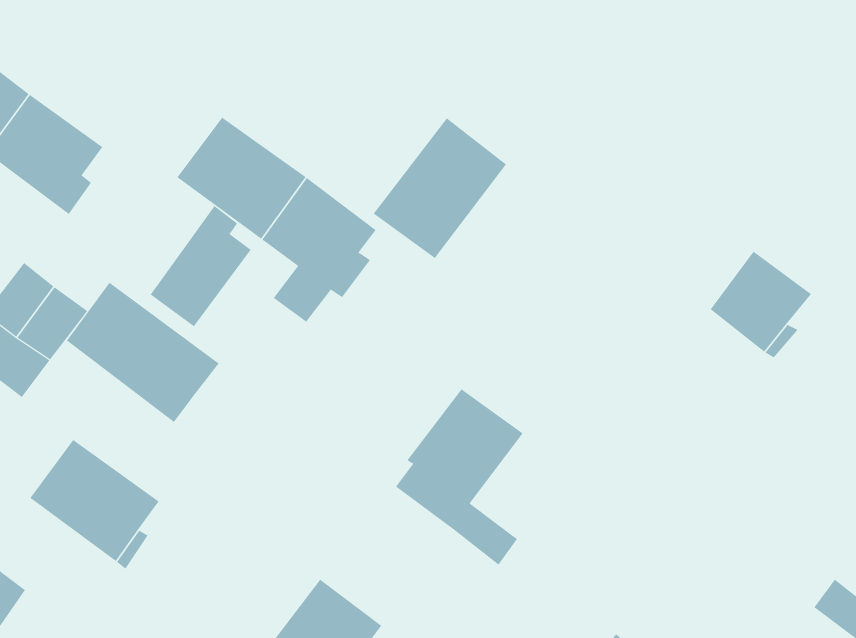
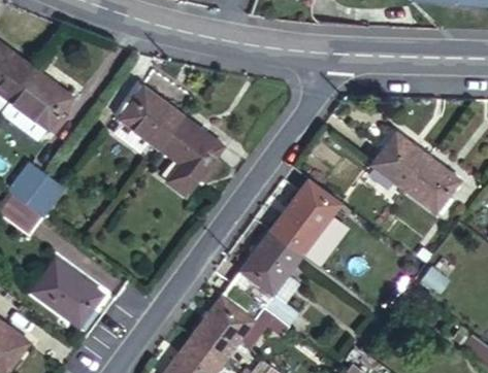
building: [373,117,507,259] -> [268,178,341,256]
building: [150,205,252,327] -> none
building: none -> [372,132,428,188]
building: [66,282,219,423] -> none
building: none -> [191,284,264,361]

